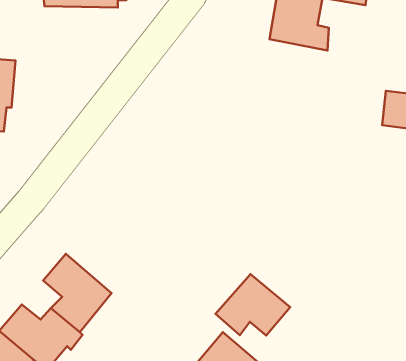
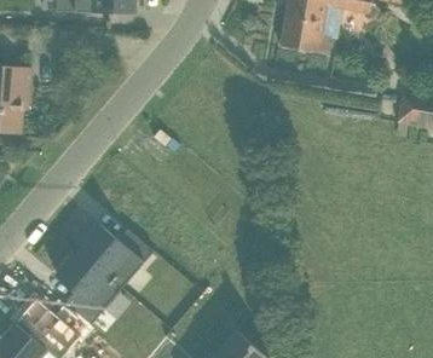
building: none -> [79,225,154,288]
building: [215,274,290,335] -> none

